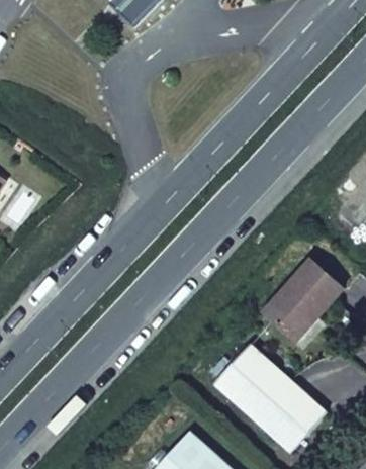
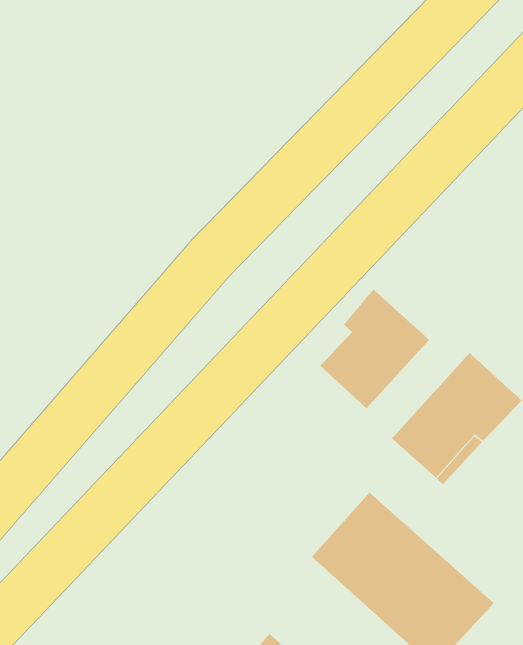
building: none -> [320,289,430,409]

